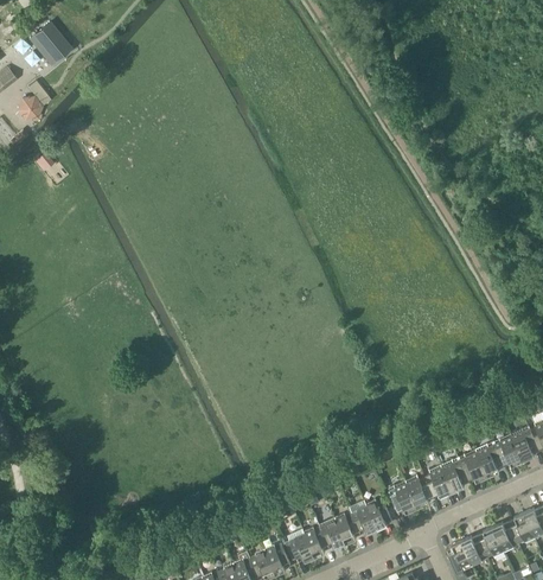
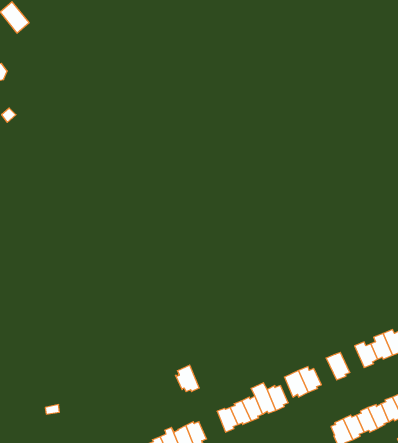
building: [458,450,487,483] -> none
building: [424,465,453,498] -> none
building: [285,529,314,562] -> [175,365,199,392]

